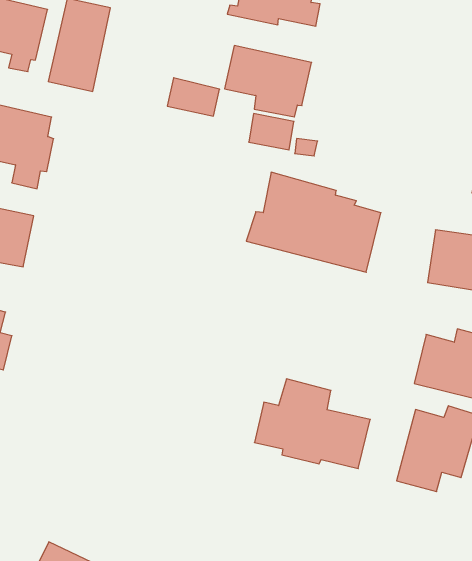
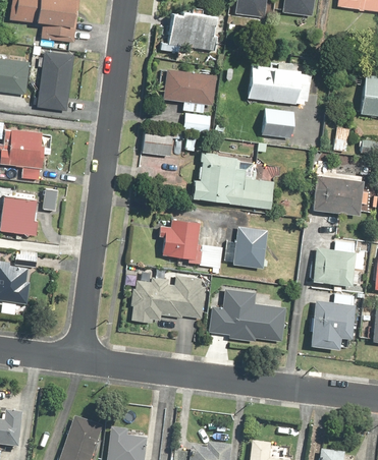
building: none -> [241,63,310,105]
building: [167,78,220,116] -> [136,133,169,156]
building: none -> [255,107,292,138]
building: none -> [158,220,220,267]
building: none -> [227,225,266,271]
building: none -> [128,266,202,323]

